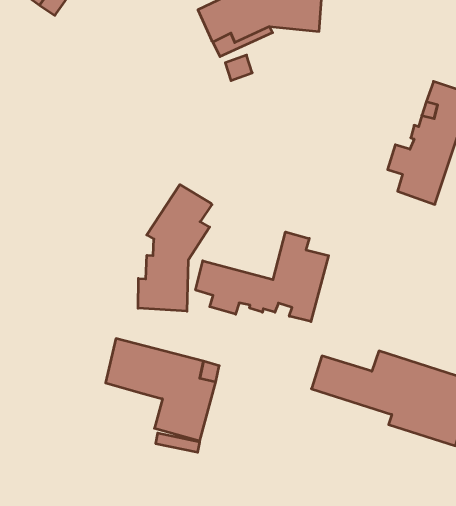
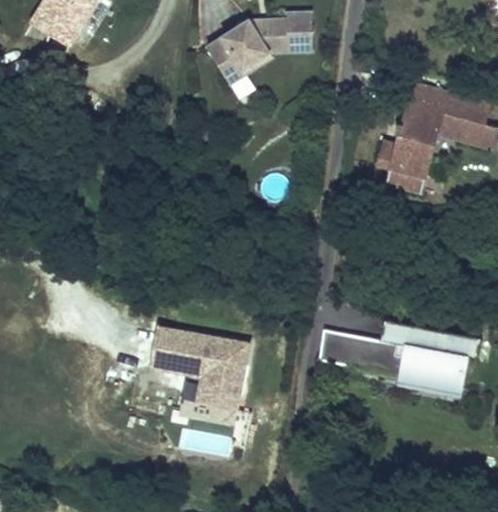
building: [138,185,212,311] -> none
building: [196,232,329,322] -> none

